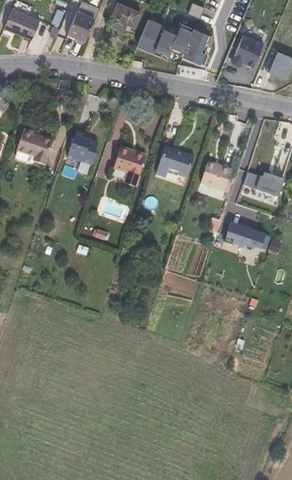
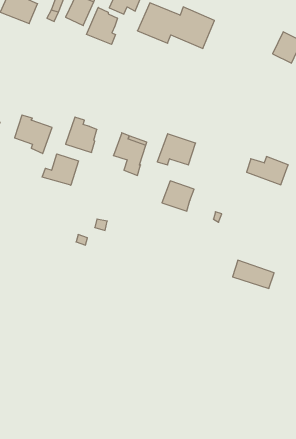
building: none -> [87,7,117,44]
building: [232,29,265,67] -> none
building: [200,162,231,191] -> [162,181,194,211]
building: none -> [42,154,79,185]
building: [225,221,266,249] -> [233,260,274,288]

